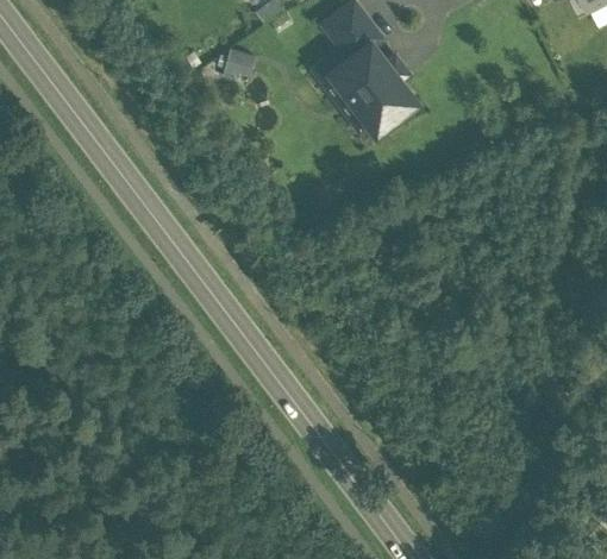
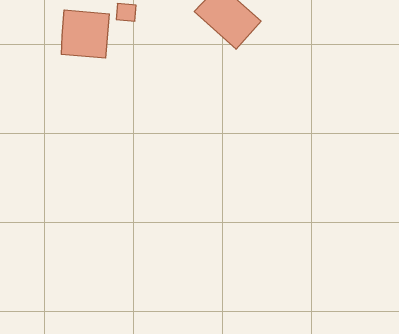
building: none -> [61,10,109,58]

